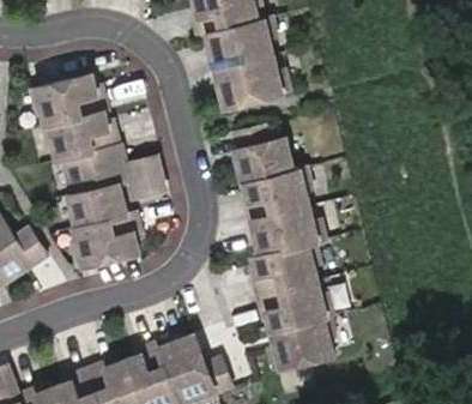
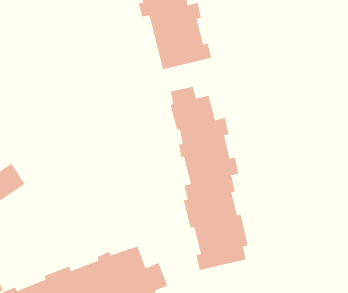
building: [31,73,164,264] -> none

